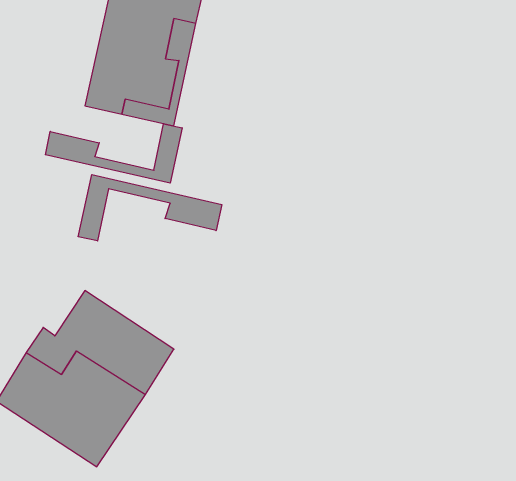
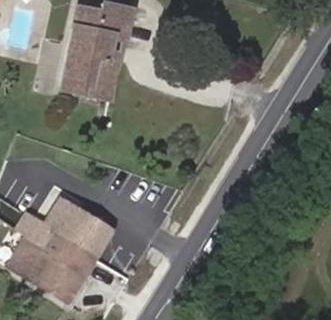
building: [45,124,182,183] -> none
building: [78,175,222,241] -> none

